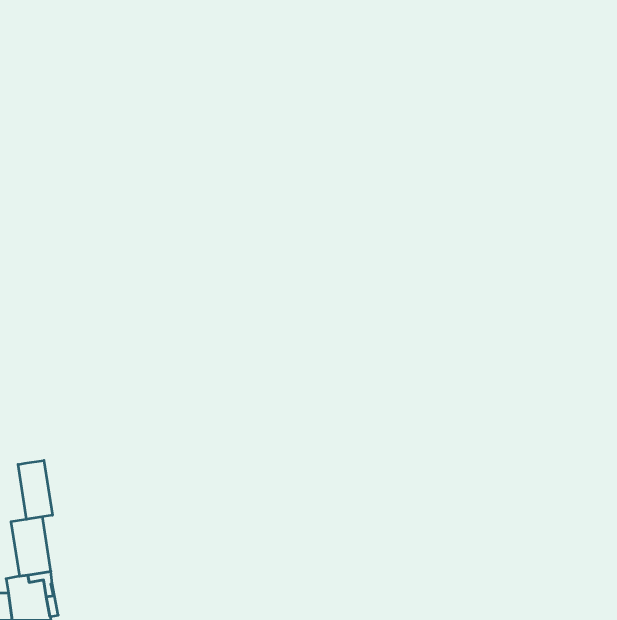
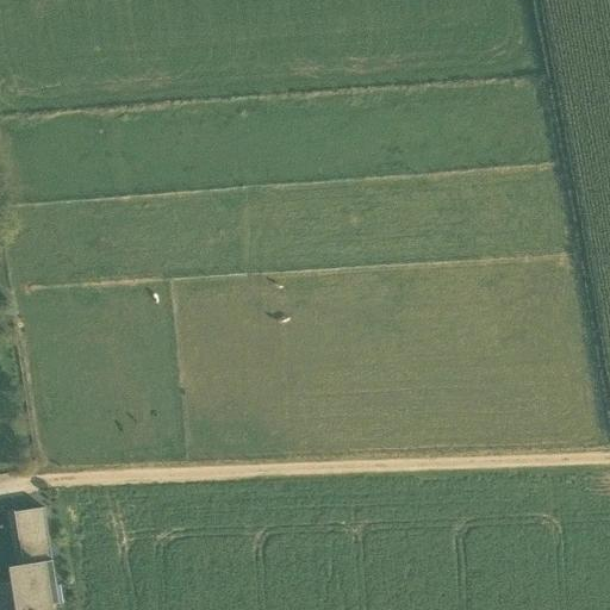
building: [18,460,52,519] -> none

